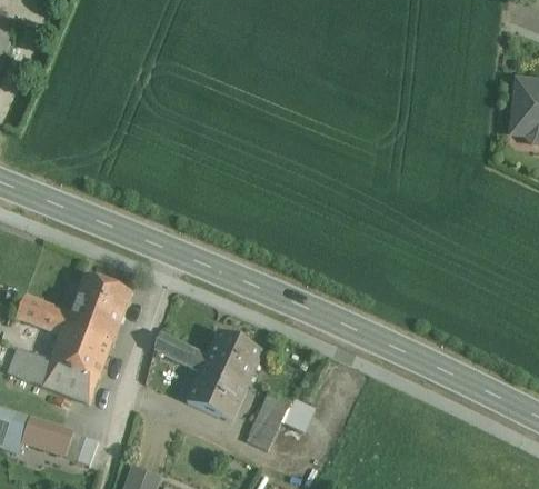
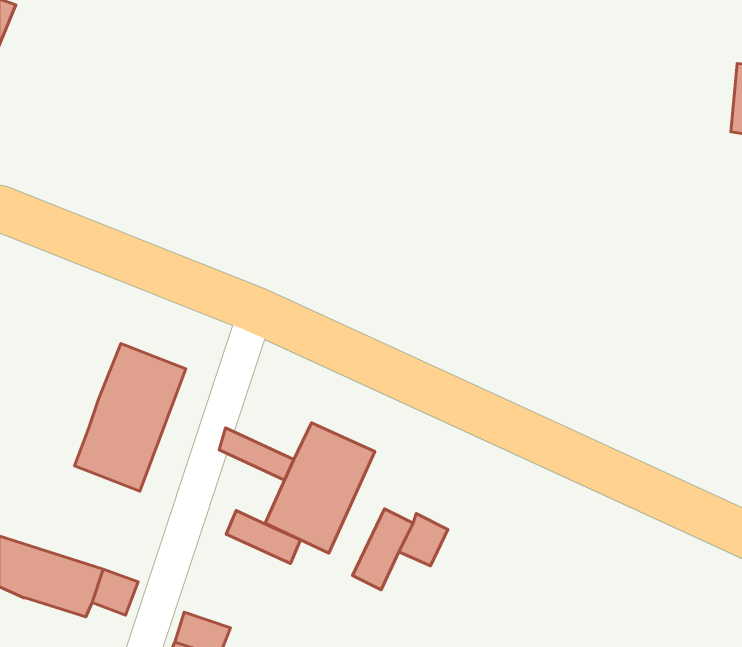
building: [16,295,69,332] -> none
building: [7,346,98,402] -> none
building: none -> [226,511,300,563]

